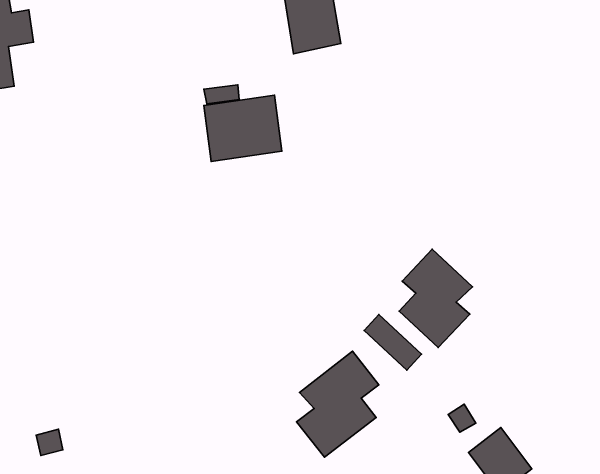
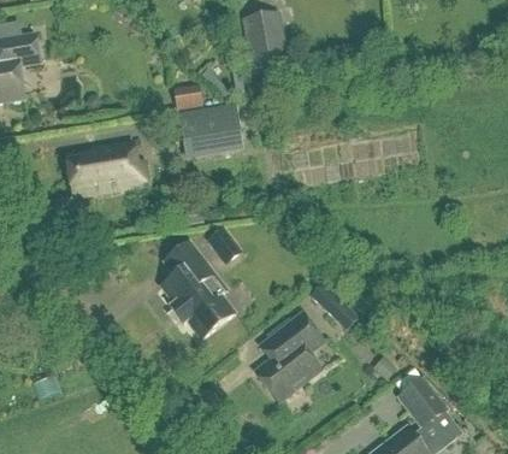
building: none -> [67,142,148,196]
building: [399,249,472,347] -> none
building: none -> [160,240,236,338]

